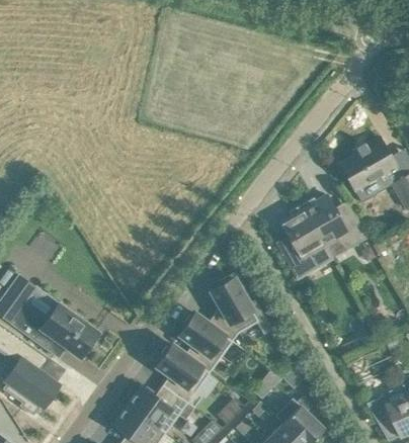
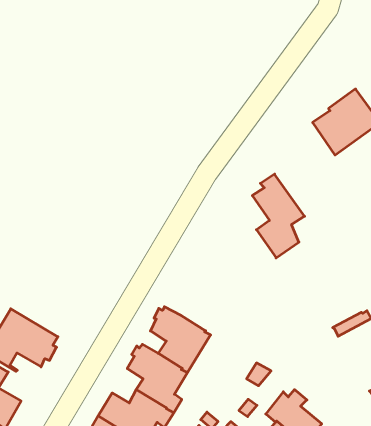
building: [302,196,369,251] -> none
building: [209,273,265,343] -> none

